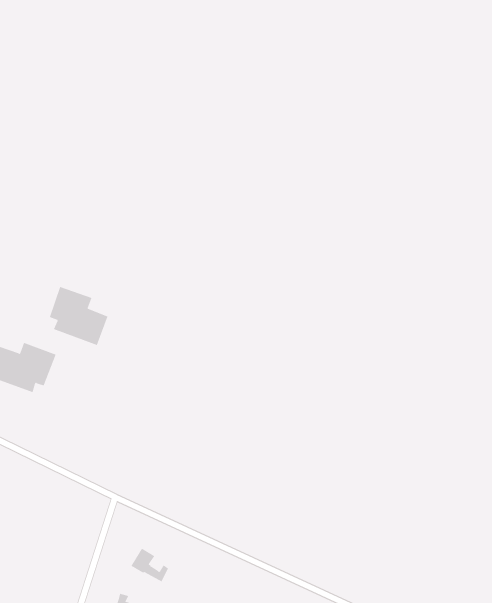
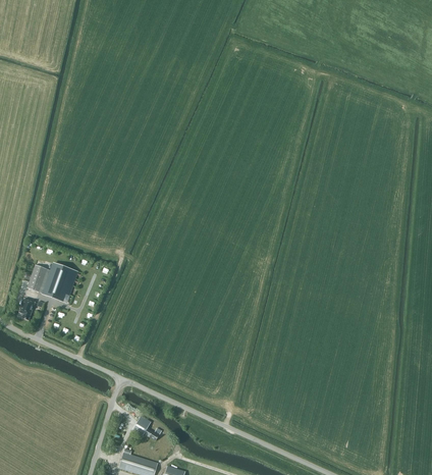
building: [49,286,108,346] -> none

